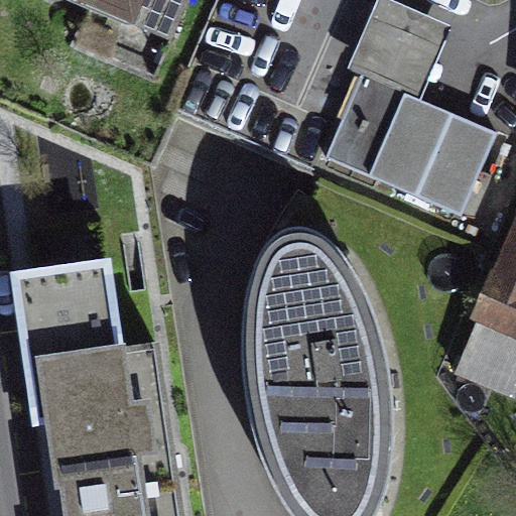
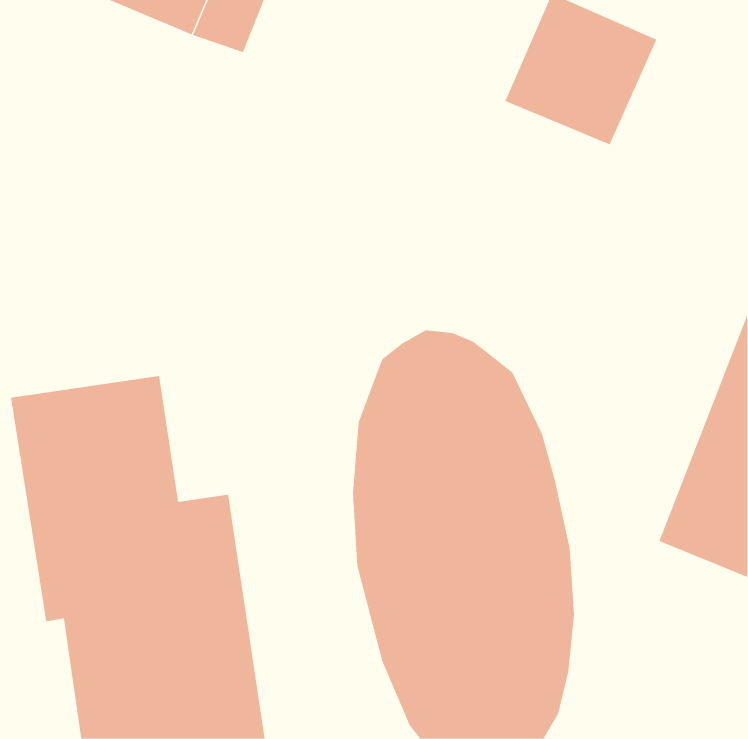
building: [322,75,497,218] -> none

